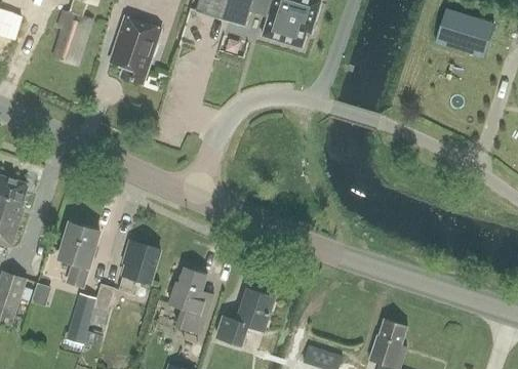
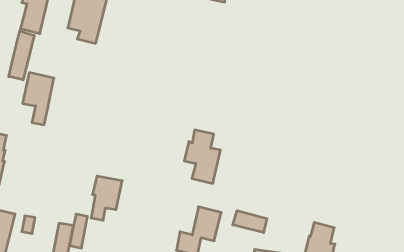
building: none -> [9,31,34,80]
building: [58,222,98,286] -> [23,73,54,125]
building: [168,268,212,333] -> [184,130,220,183]
building: none -> [233,211,267,233]

